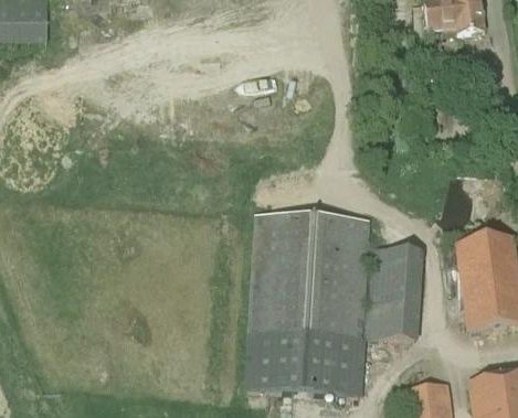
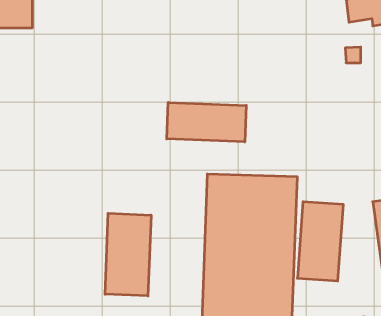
building: none -> [167,102,246,142]
building: none -> [105,213,151,296]

